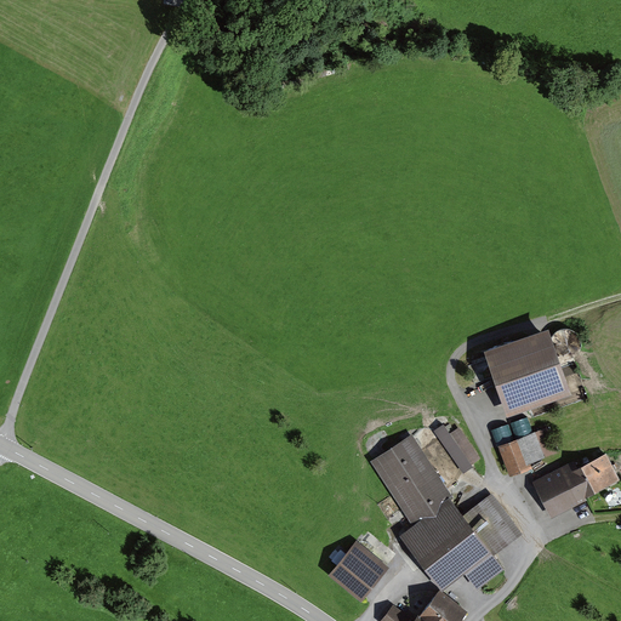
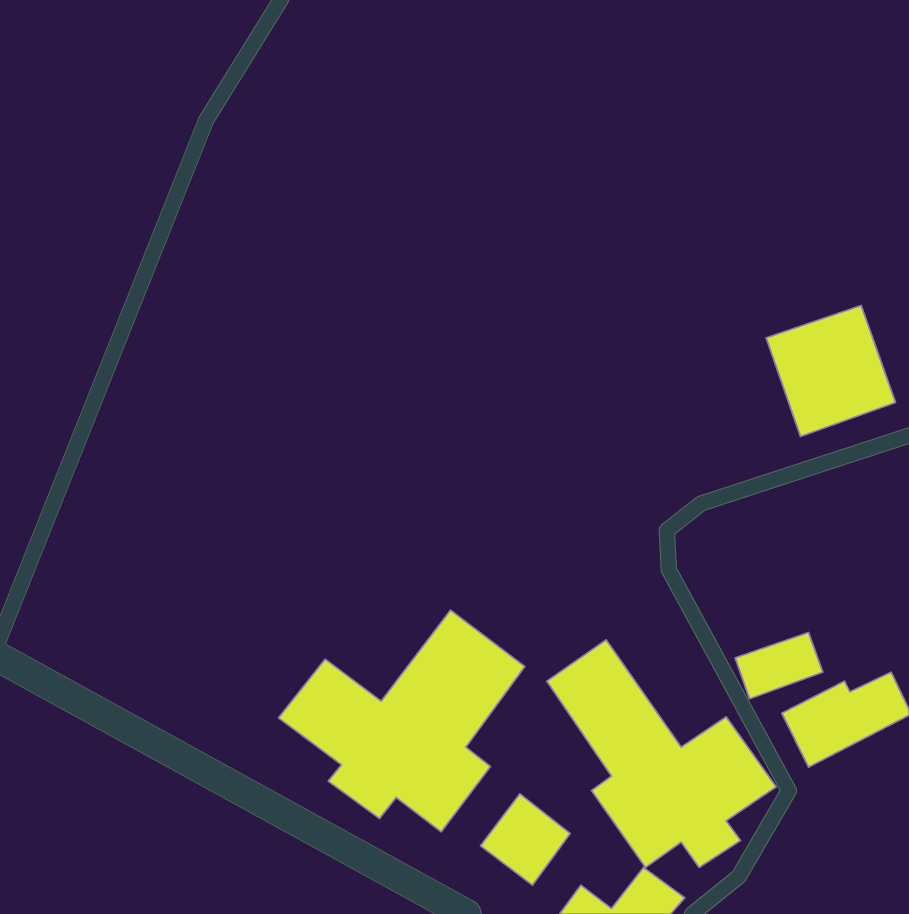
building: [480,329,568,417] -> [766,306,895,436]
building: none -> [279,610,525,832]
building: [432,426,480,473] -> none

